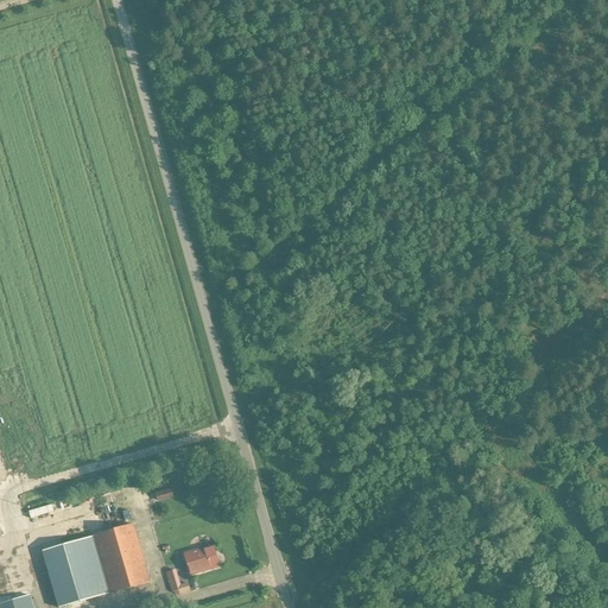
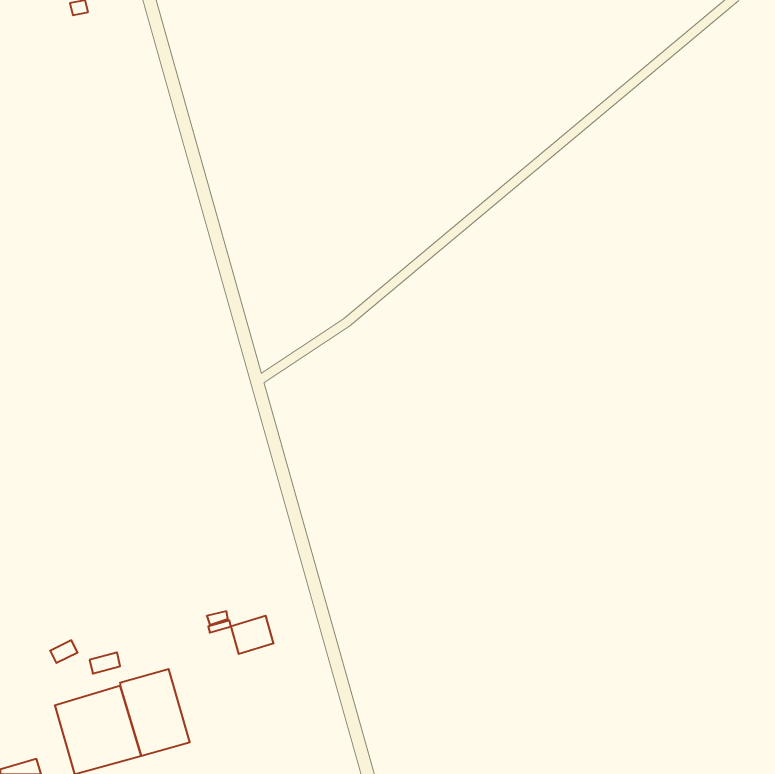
building: [185,543,218,572] -> [231,616,274,654]

